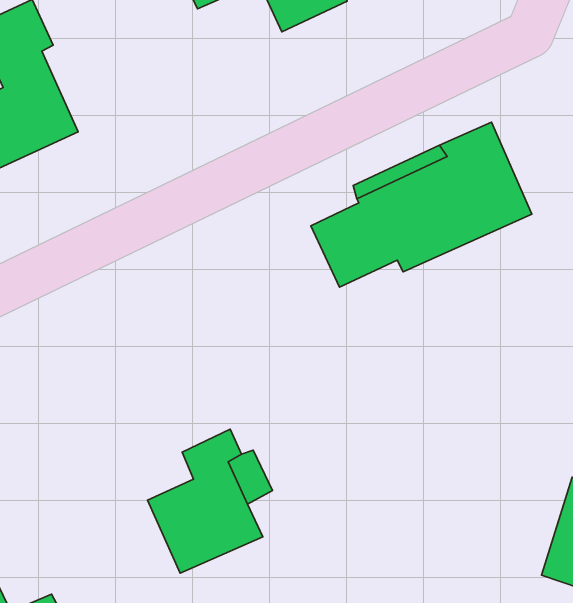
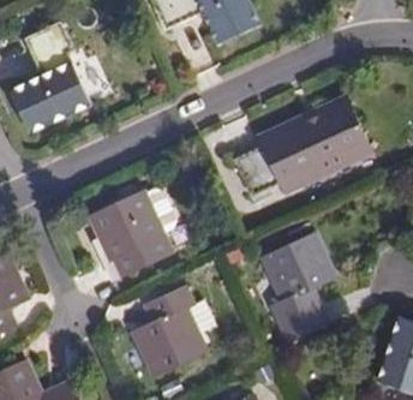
building: none -> [88,192,163,283]
building: none -> [262,234,337,341]

